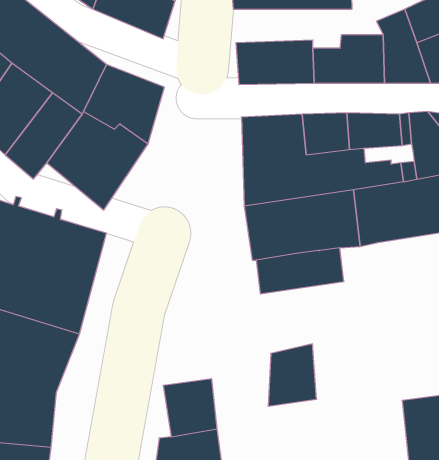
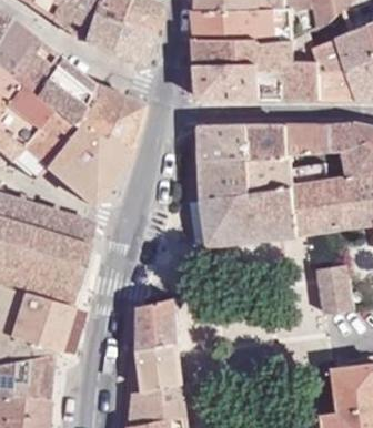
building: none -> [198,39,296,71]
building: none -> [321,259,355,312]
building: [268,344,317,406] -> [140,297,180,348]

